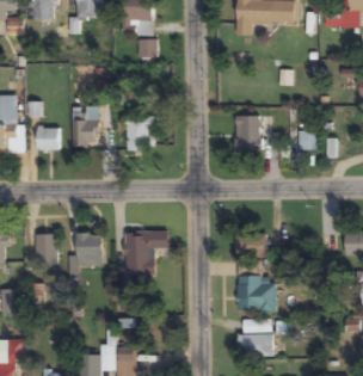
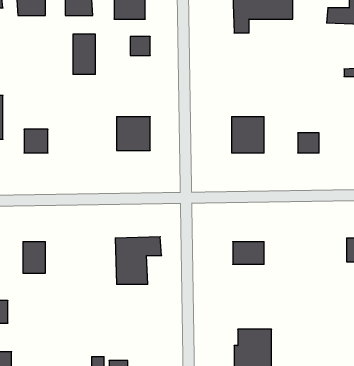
building: [76,106,98,144] -> [73,34,95,74]
building: [70,232,101,267] -> none
building: [238,275,276,309] -> none

